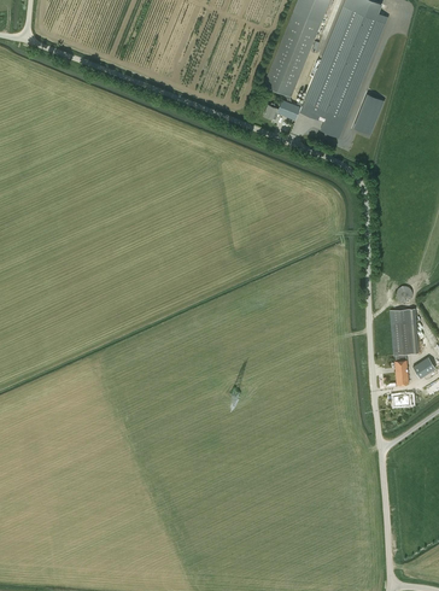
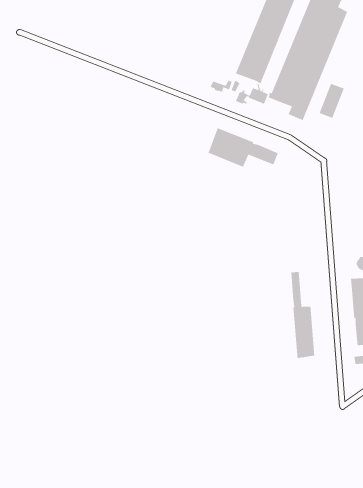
building: none -> [208,127,279,168]
building: none -> [291,271,315,359]

